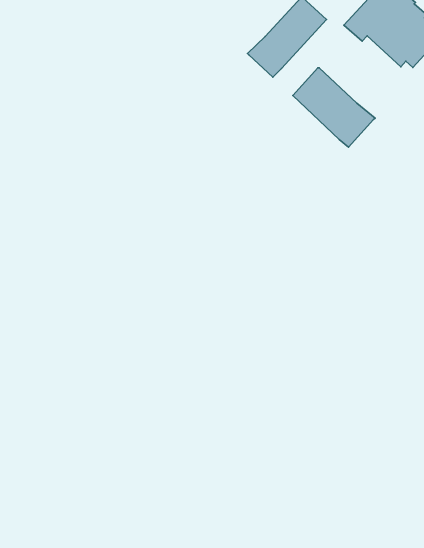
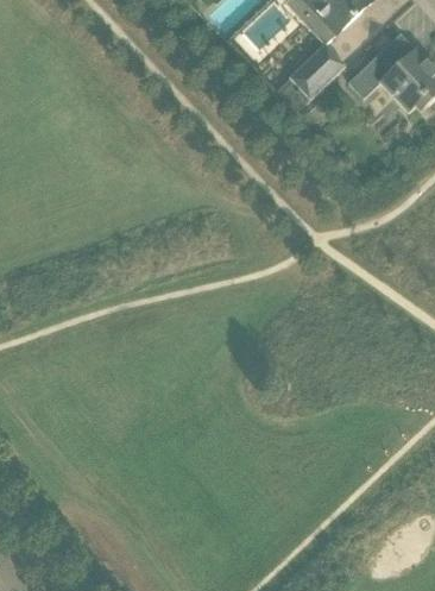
building: [293,68,375,147] -> none

